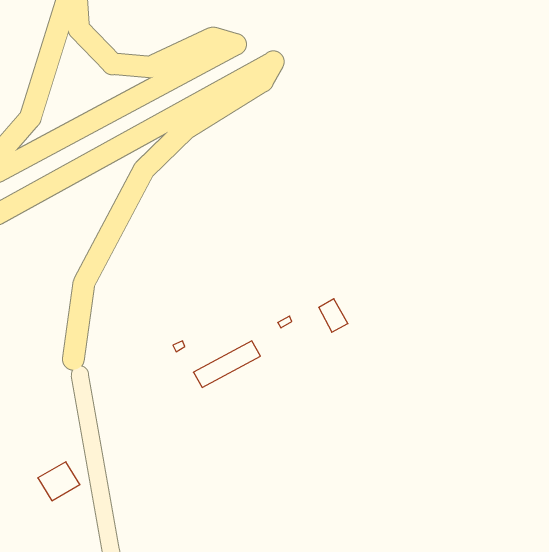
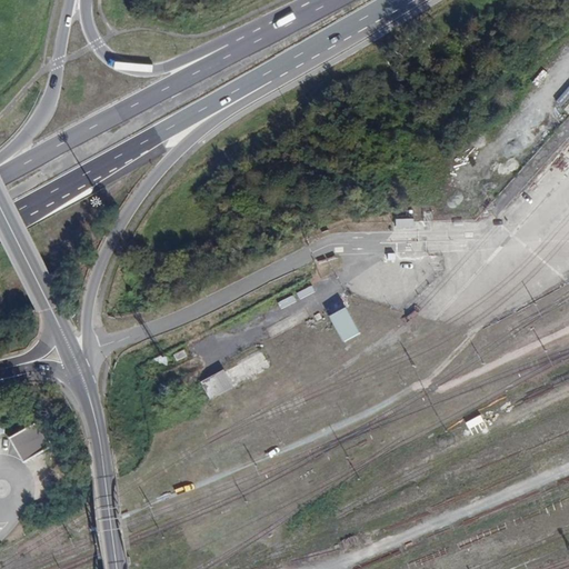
building: [38,462,80,501] -> [7,421,50,461]

